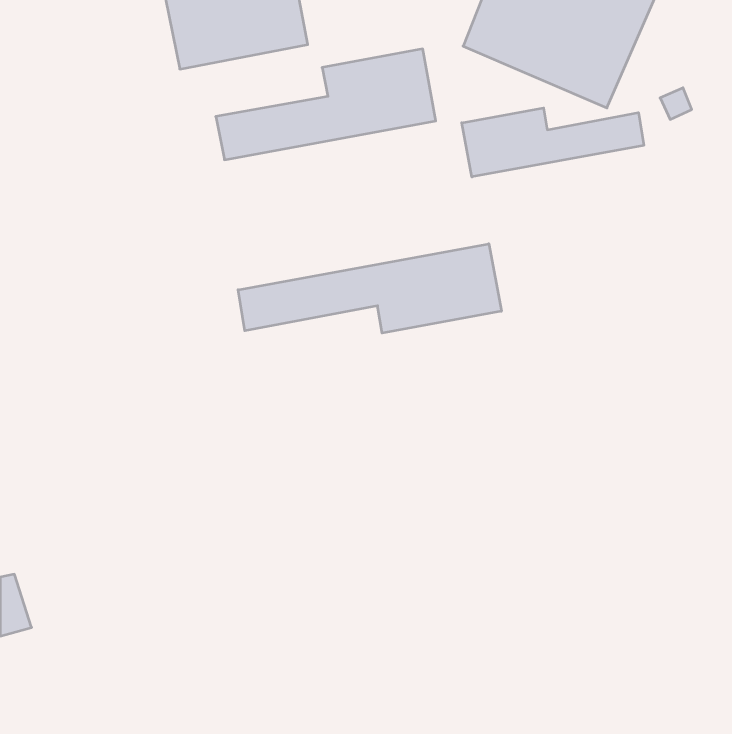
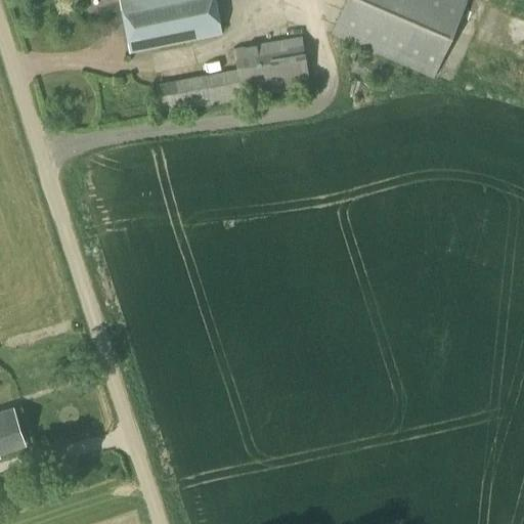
building: [462,108,644,177] -> none
building: [238,244,501,333] -> none

